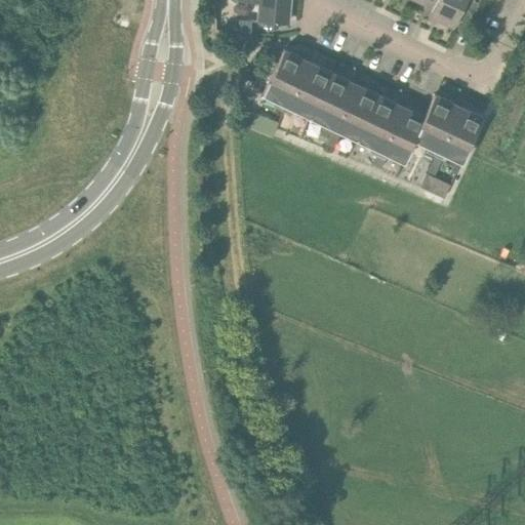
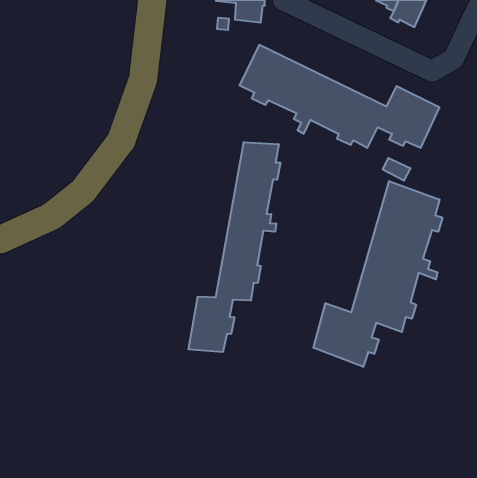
building: none -> [189,142,281,352]
building: none -> [313,181,442,367]

